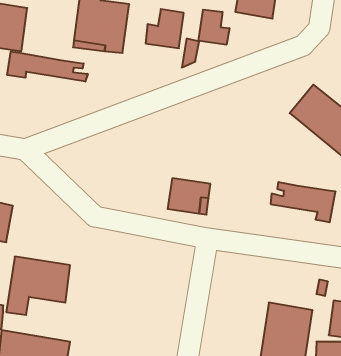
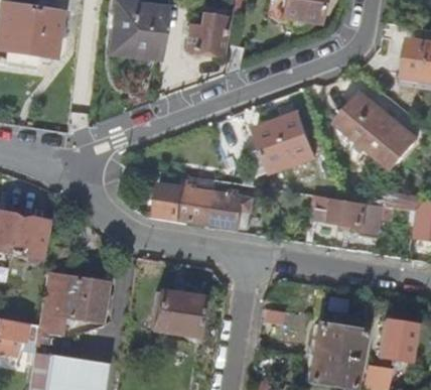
building: [198,10,229,45] -> none
building: [7,51,88,82] -> none
building: none -> [258,112,317,173]
building: none -> [159,179,216,224]
building: none -> [153,291,201,337]

